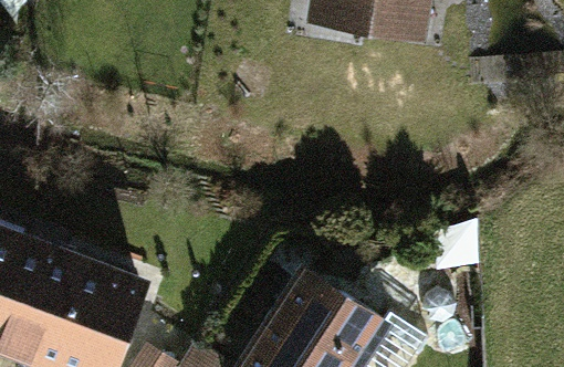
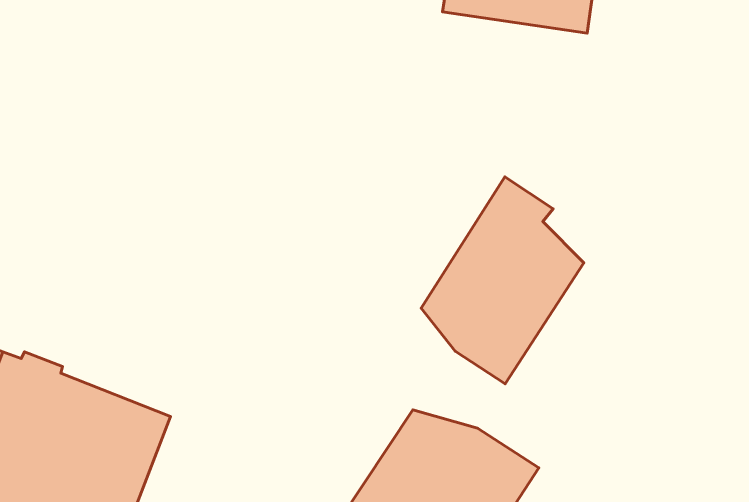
building: none -> [421,177,584,384]

